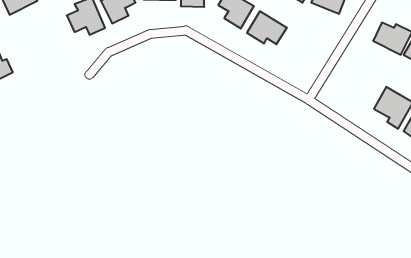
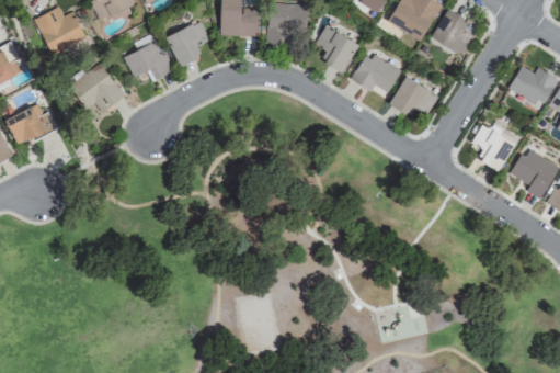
building: none -> [79,64,124,113]
building: none -> [390,77,439,116]
building: none -> [471,124,516,171]

